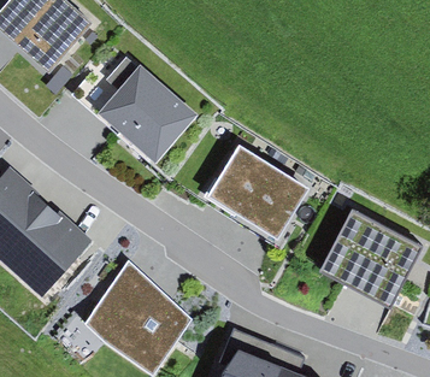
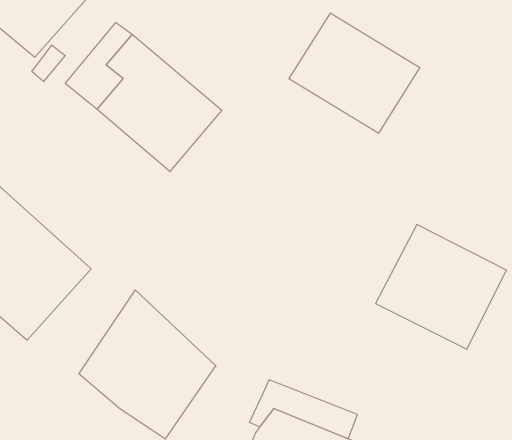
building: [206,145,310,240] -> [289,13,420,133]

